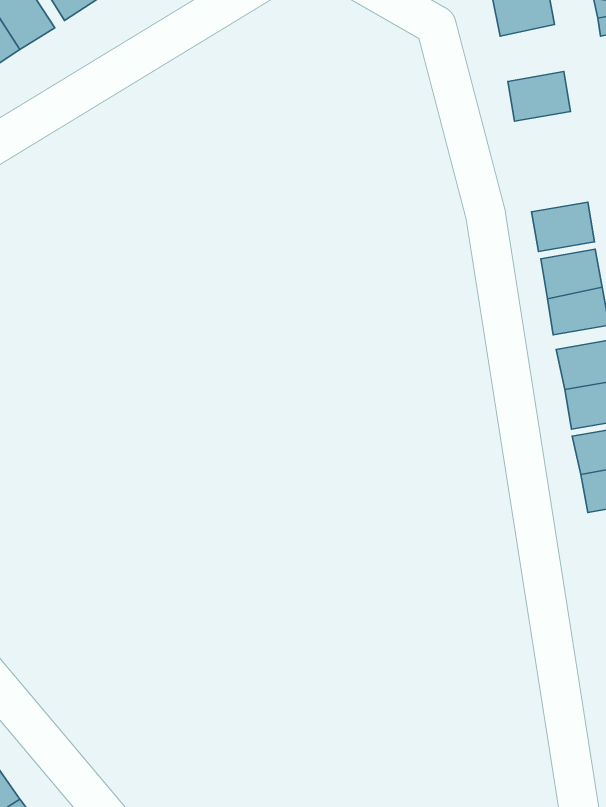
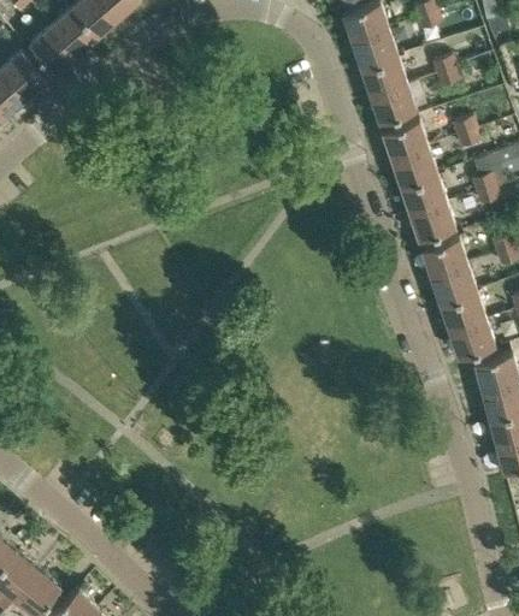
building: none -> [352,28,397,66]
building: none -> [370,85,415,123]
building: none -> [382,119,427,158]

